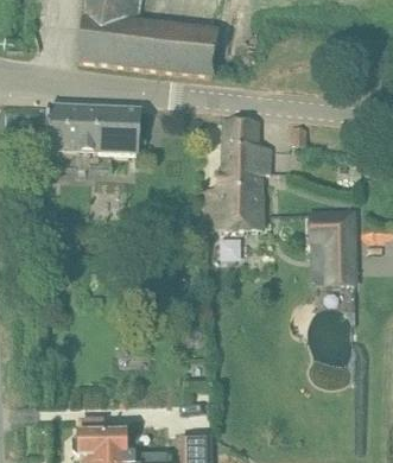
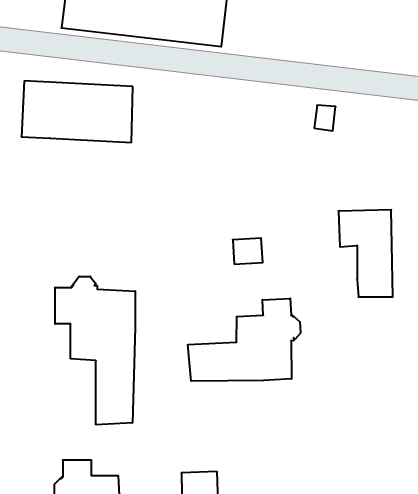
building: [205,118,268,228] -> none
building: none -> [55,276,135,425]
building: none -> [188,298,300,381]

